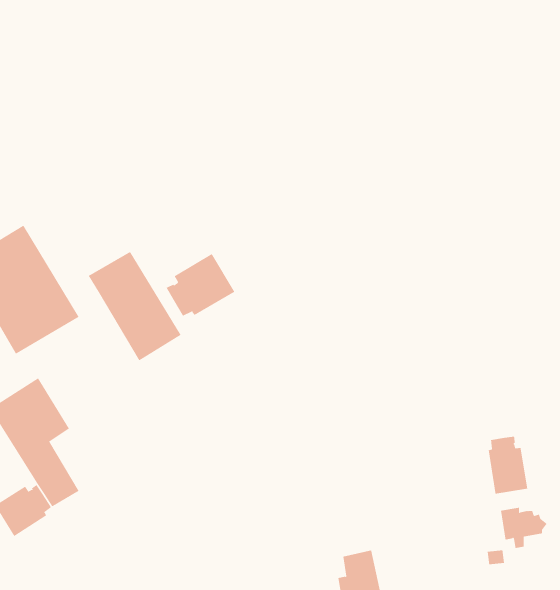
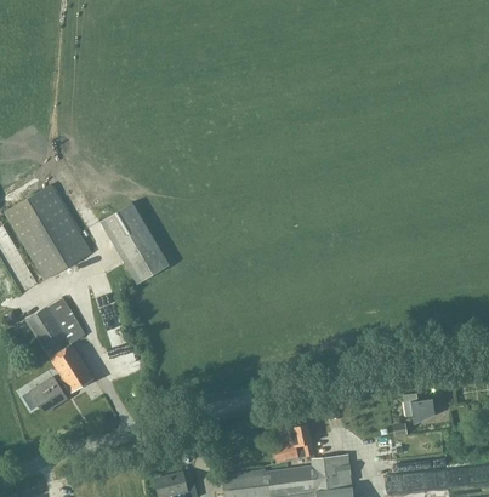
building: [166,253,235,316] -> none
building: [488,436,528,495] -> none

